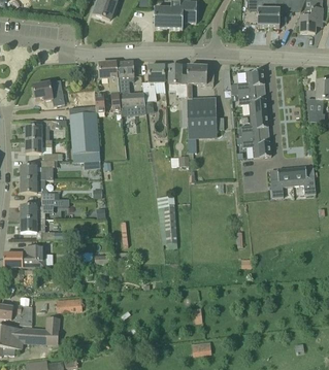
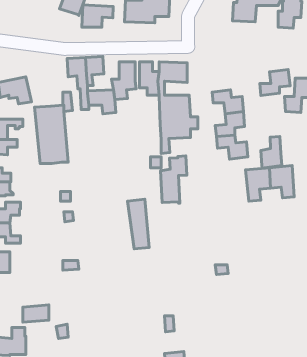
building: none -> [82,5,113,27]
building: [236,69,265,94] -> [260,70,290,95]
building: none -> [261,137,282,168]
building: none -> [161,156,187,203]

